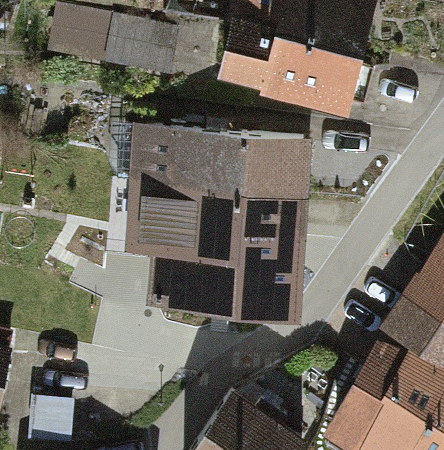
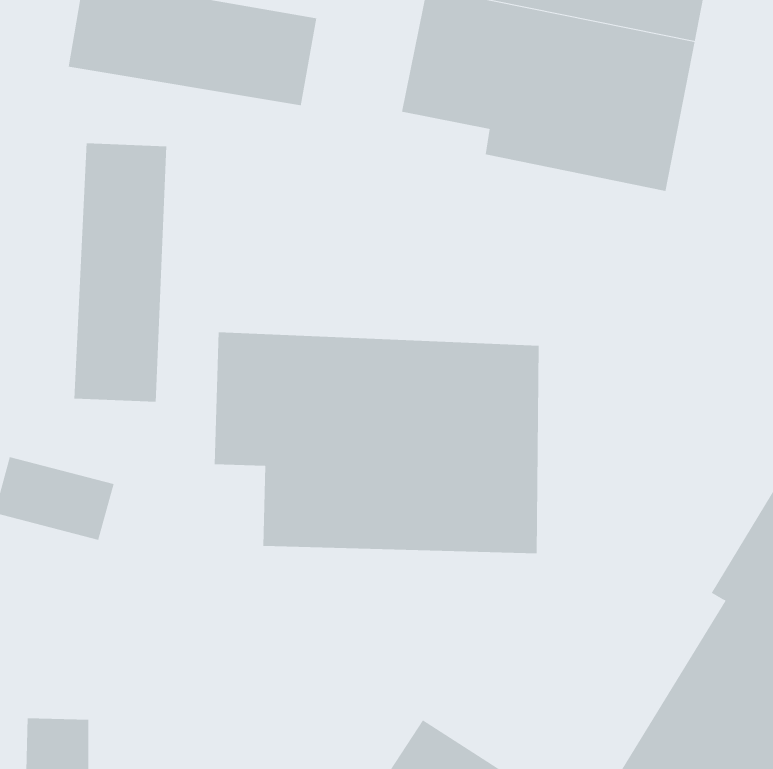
building: none -> [74,143,167,403]
building: [129,132,297,198] -> none

